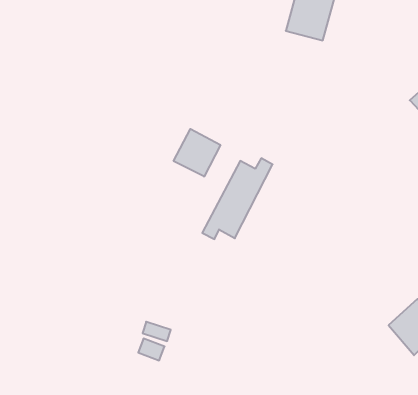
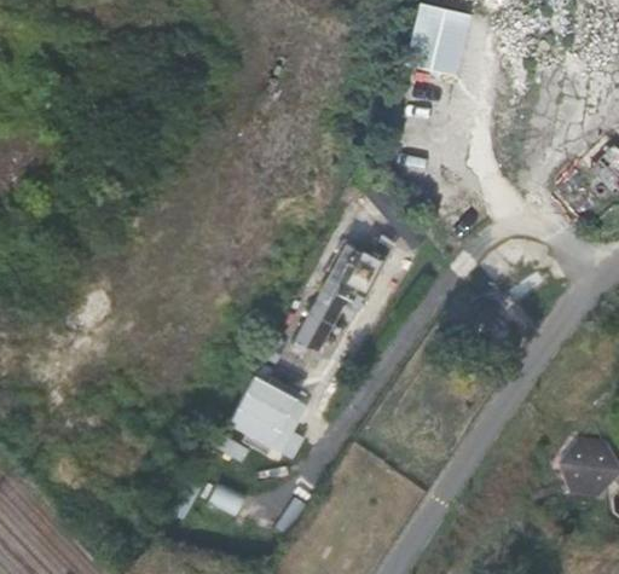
building: [174,129,220,177] -> none
building: none -> [226,376,302,459]

